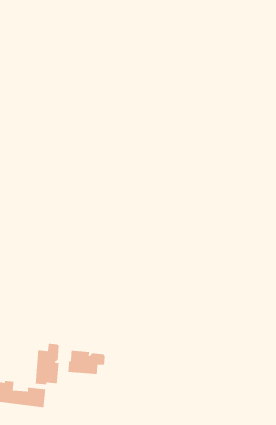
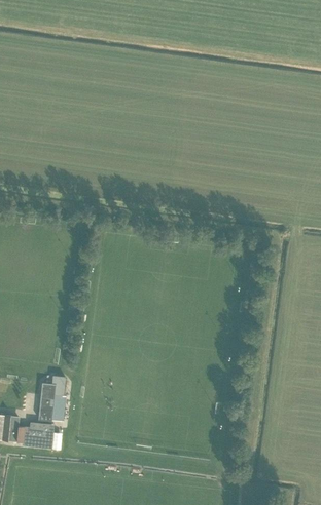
building: [67,350,106,375] -> none

